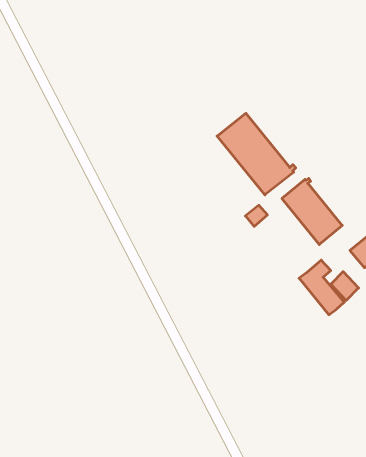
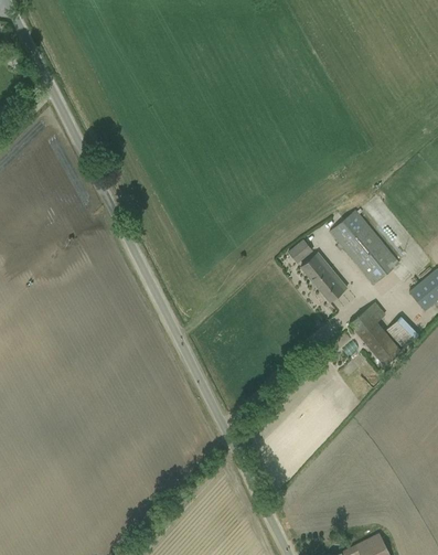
building: [217,113,296,195] -> none
building: none -> [300,253,346,302]

